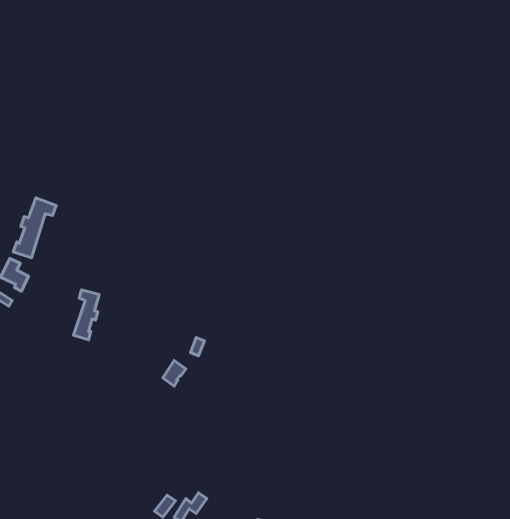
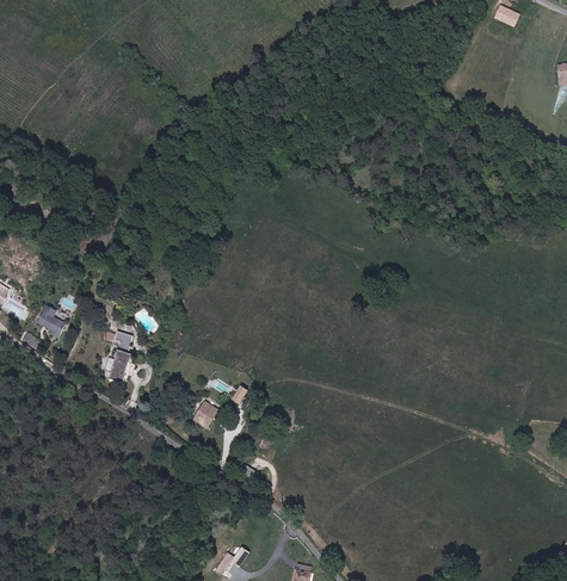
building: [13,198,56,258] -> none

